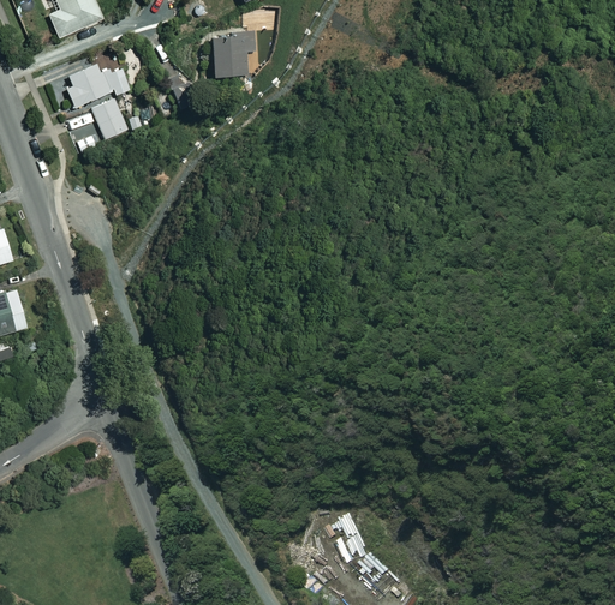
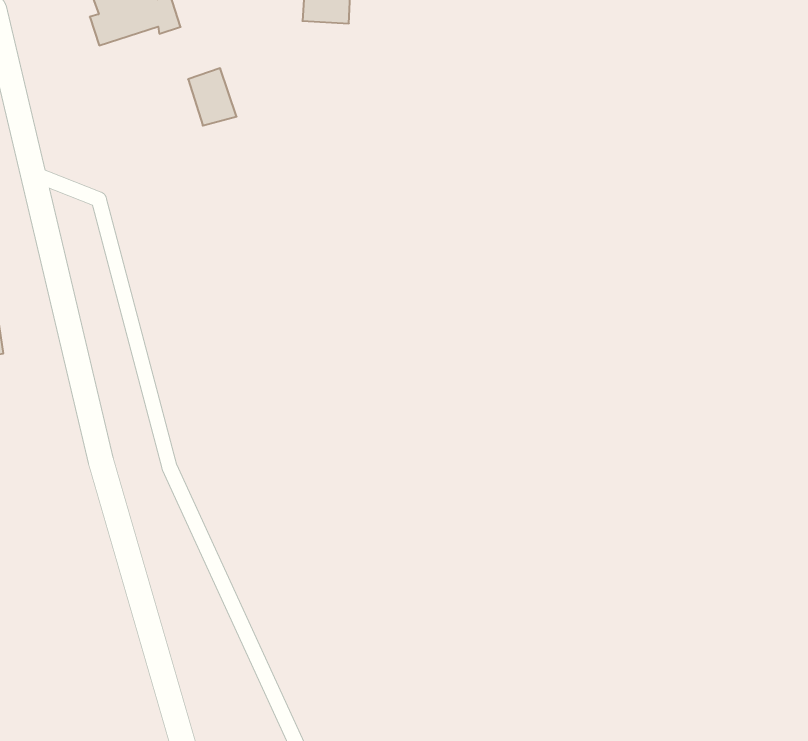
building: [91,98,127,139] -> [188,68,237,126]

